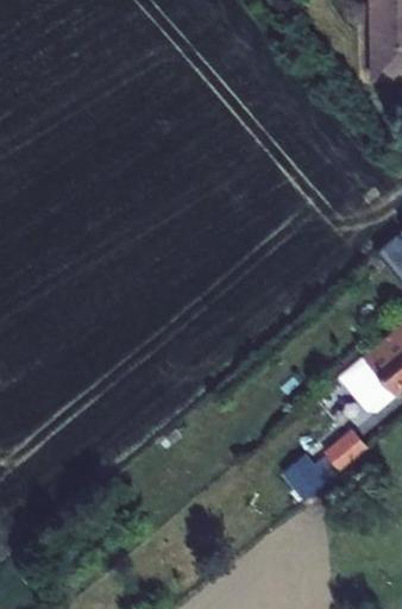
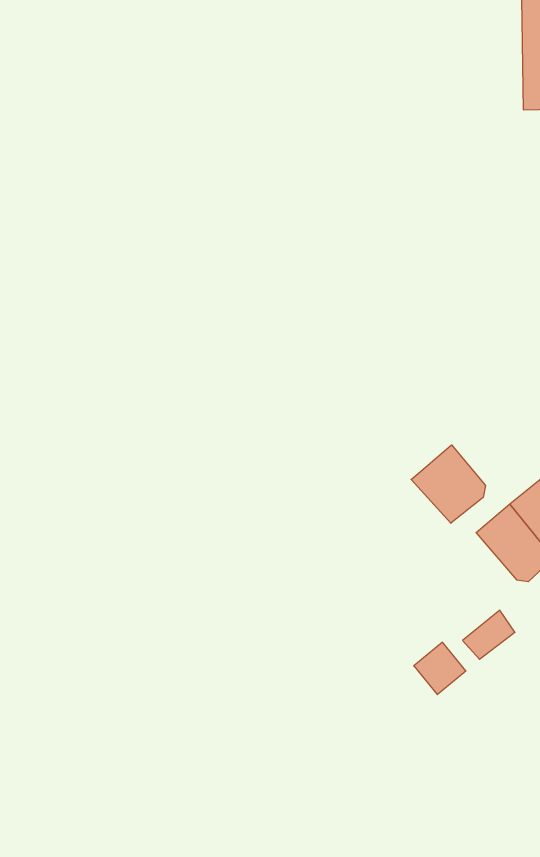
building: none -> [411,445,486,523]

